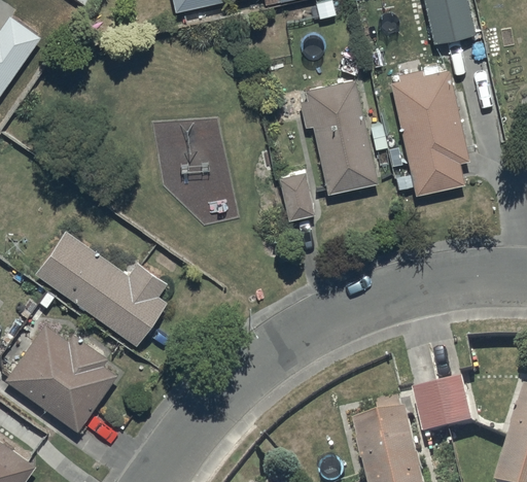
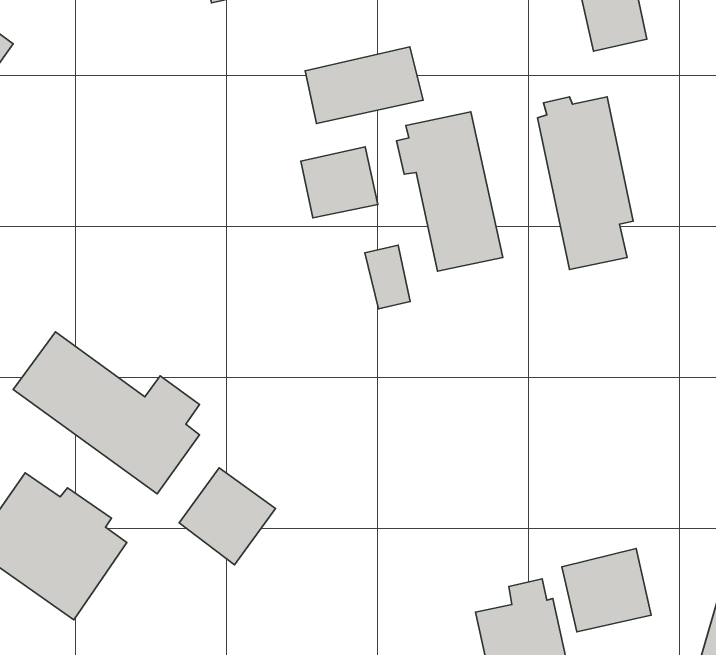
building: none -> [305,47,423,124]
building: none -> [301,147,378,218]
building: none -> [179,468,275,565]

